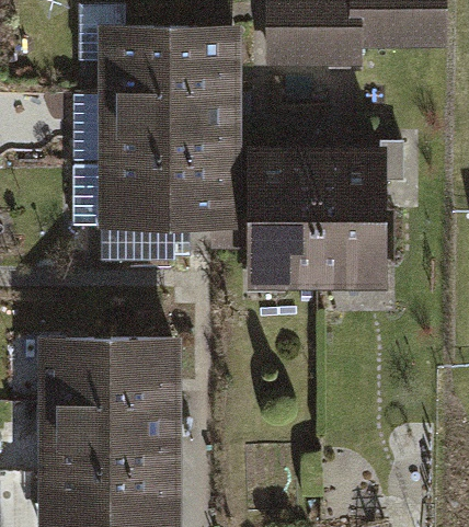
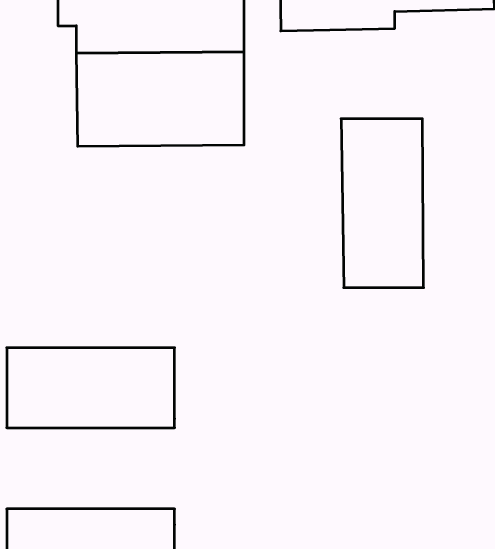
building: [248,145,320,287] -> none
building: [98,167,238,227] -> none
building: [38,403,179,471] -> none

